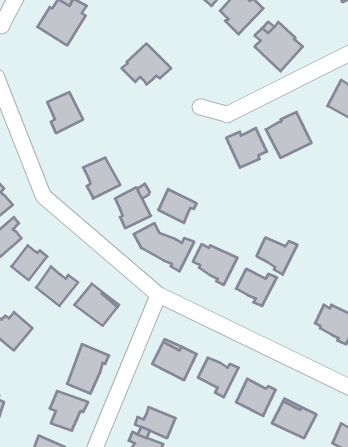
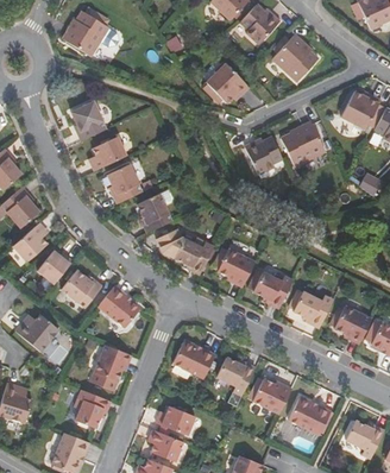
building: [122,44,171,84] -> [202,62,250,101]
building: none -> [89,135,125,170]
building: [158,189,196,223] -> none
building: [257,238,297,275] -> [294,291,333,327]

